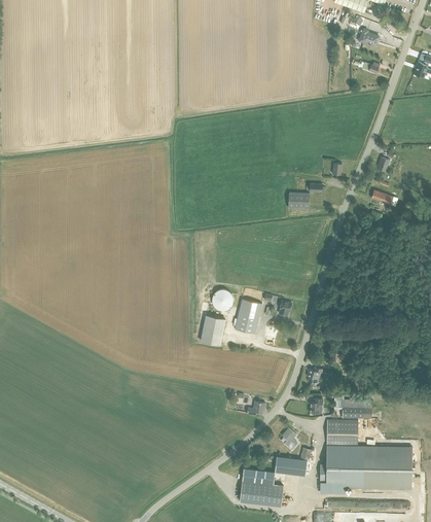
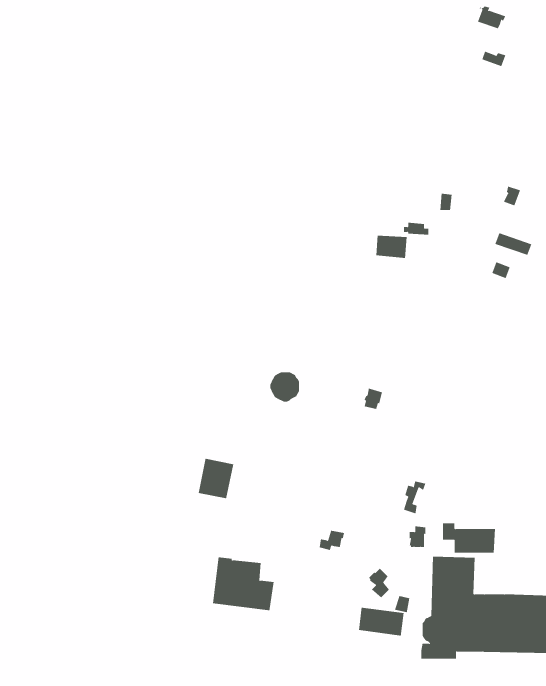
building: [232,298,260,333] -> none
building: [200,315,225,344] -> [198,458,234,499]
building: [239,467,283,506] -> [212,557,275,611]

